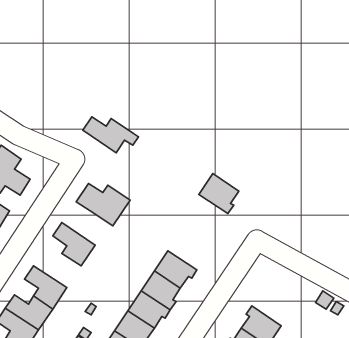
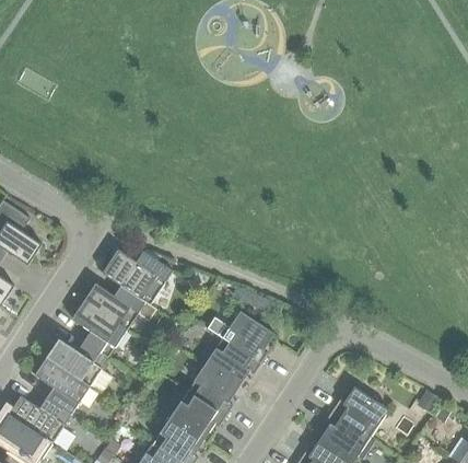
building: [83,117,139,153] -> [82,283,155,331]
building: [199,174,239,214] -> [221,311,273,363]
building: none -> [45,339,112,392]
building: none -> [331,386,387,437]

